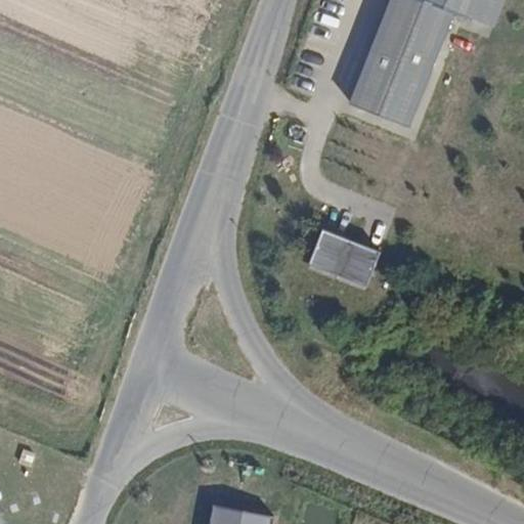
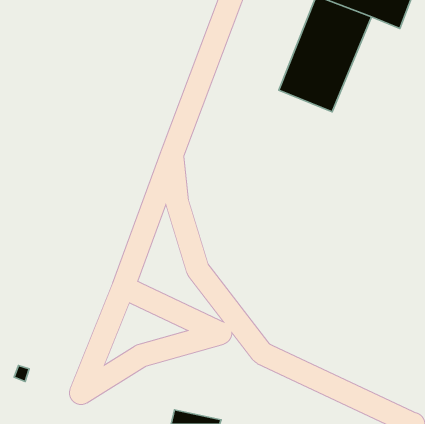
building: [310,230,384,289] -> none

